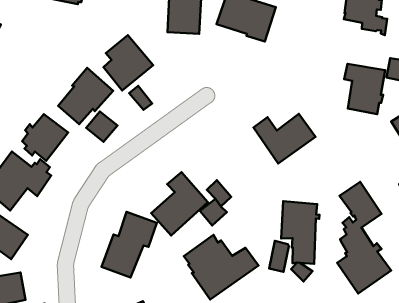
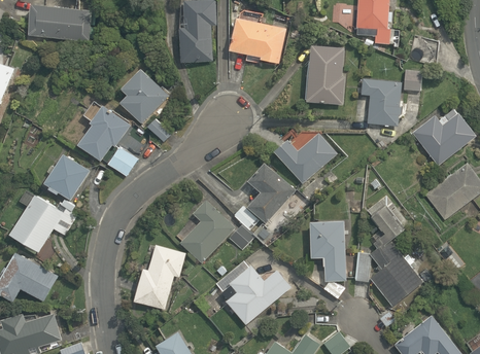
building: none -> [306,45,345,105]
building: none -> [247,163,296,224]
building: [269,241,289,272] -> [353,252,371,282]

